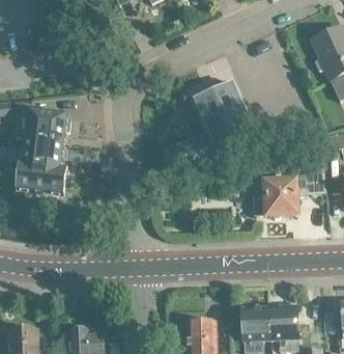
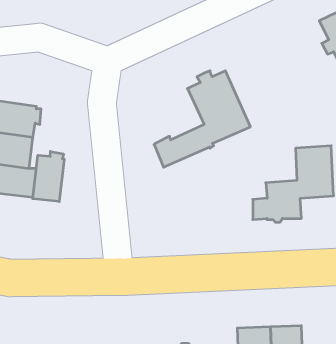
building: none -> [33,151,64,202]

